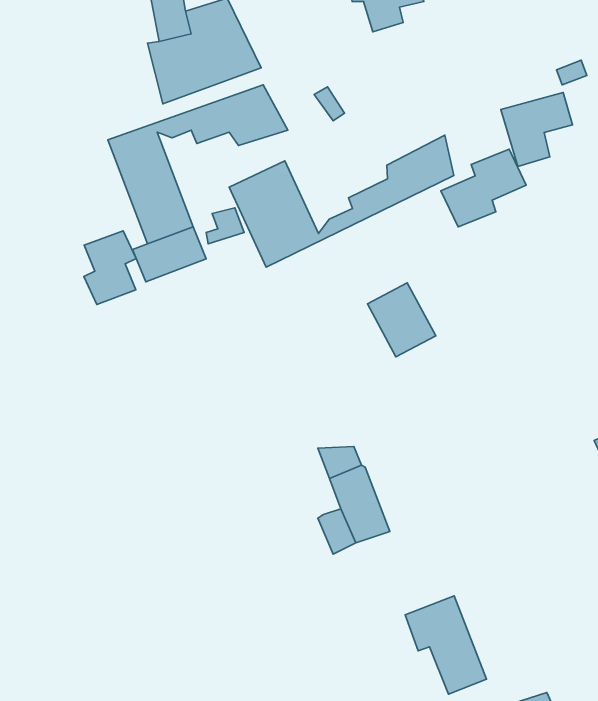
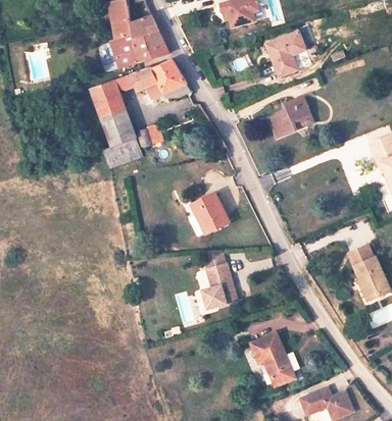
building: [501,93,573,166] -> [264,33,303,72]
building: [229,135,454,267] -> none
building: [84,231,136,304] -> none
building: [368,283,436,357] -> [192,194,229,233]

